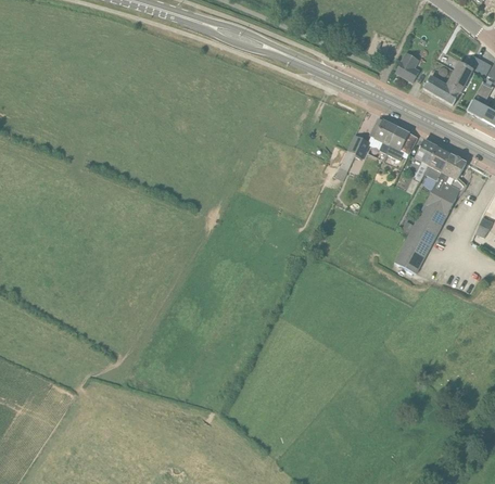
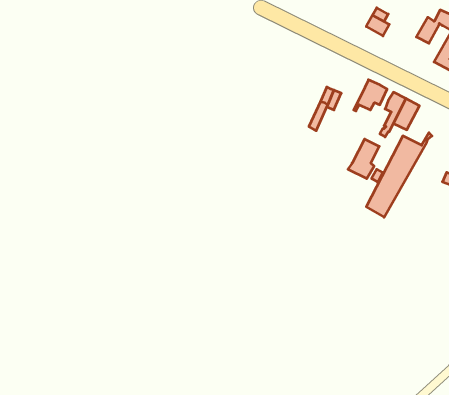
building: [423,74,460,104] -> none
building: [369,117,397,152] -> none
building: [433,154,466,195] -> [348,139,379,179]

